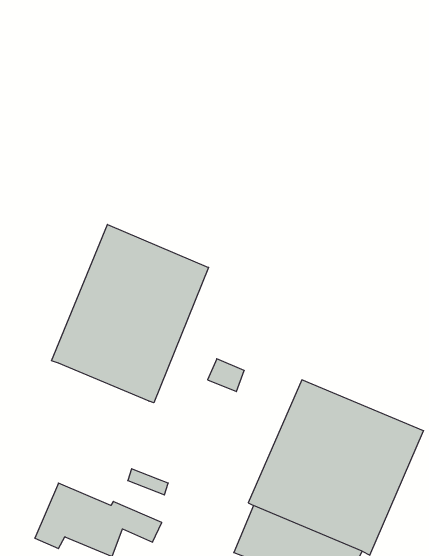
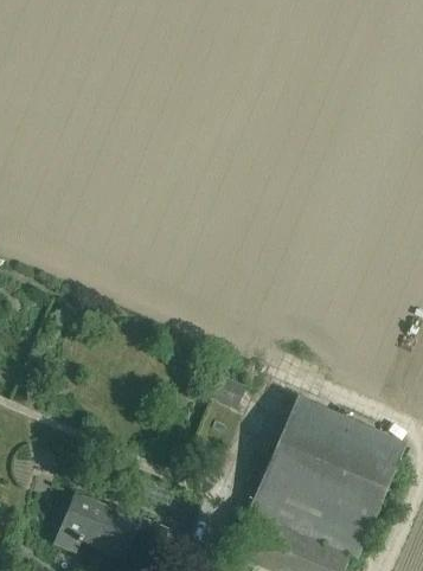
building: [52,224,209,403] -> none

